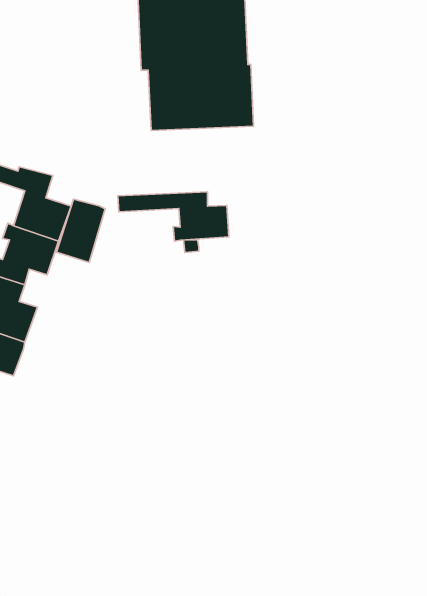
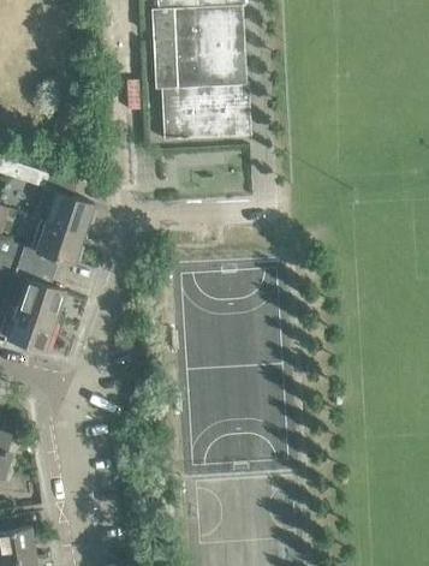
building: [118,192,229,241] -> none
building: [56,199,105,262] -> none

